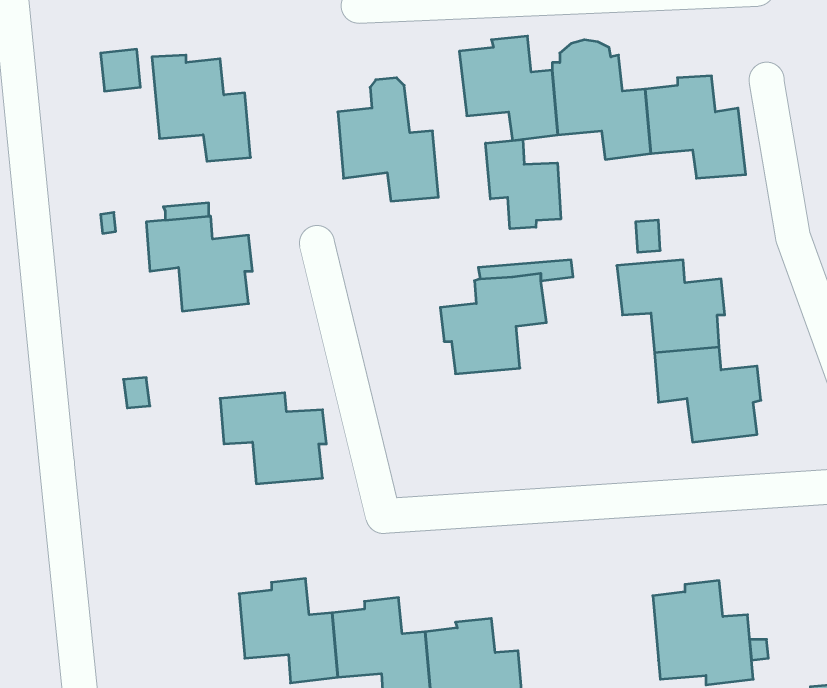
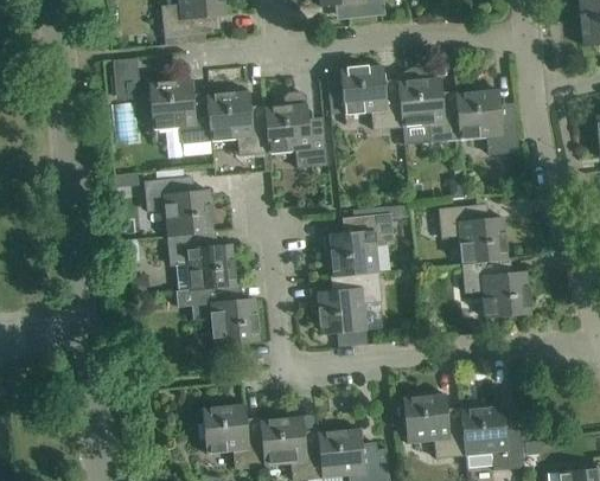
building: none -> [206,90,268,155]
building: [486,139,561,229] -> none
building: none -> [167,231,235,290]
building: none -> [317,271,382,333]
building: none -> [403,392,465,456]

